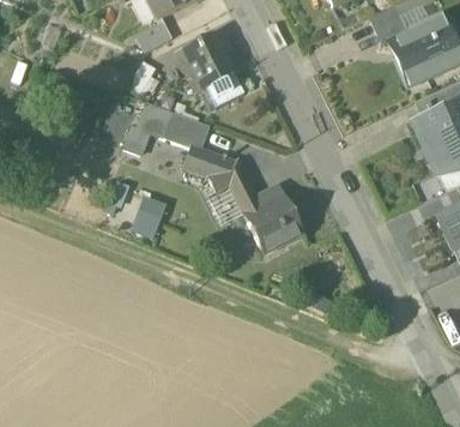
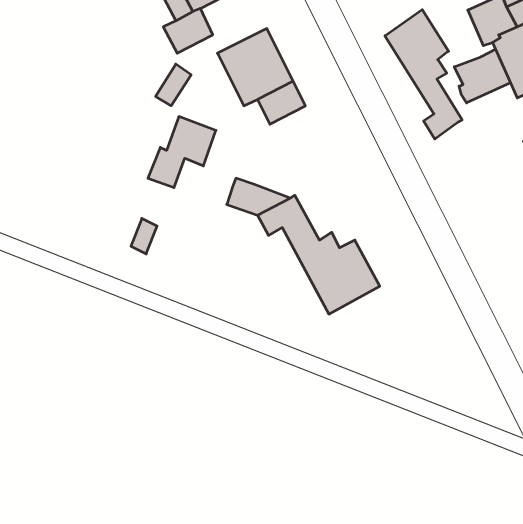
building: none -> [385,10,462,139]
building: none -> [454,49,510,103]
building: [162,110,213,154] -> none
building: [129,194,164,239] -> none

